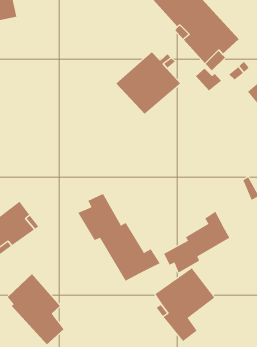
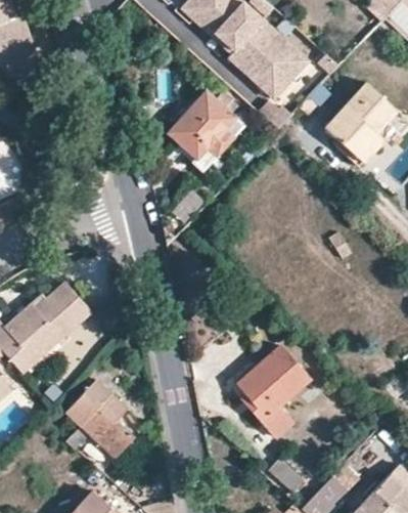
building: [78,193,161,282] -> none
building: [163,211,230,273] -> none

